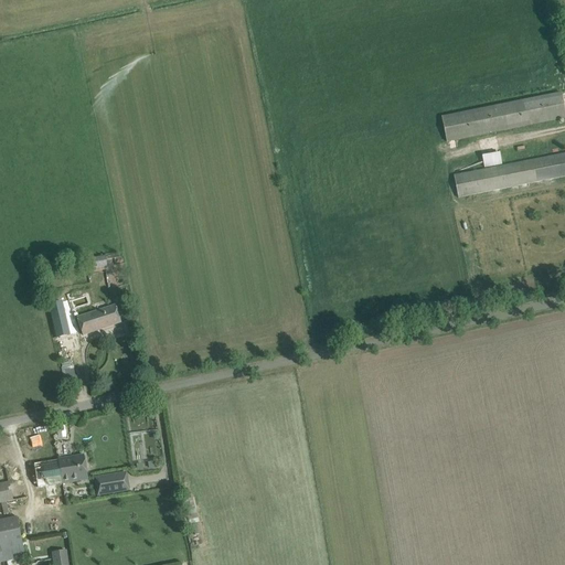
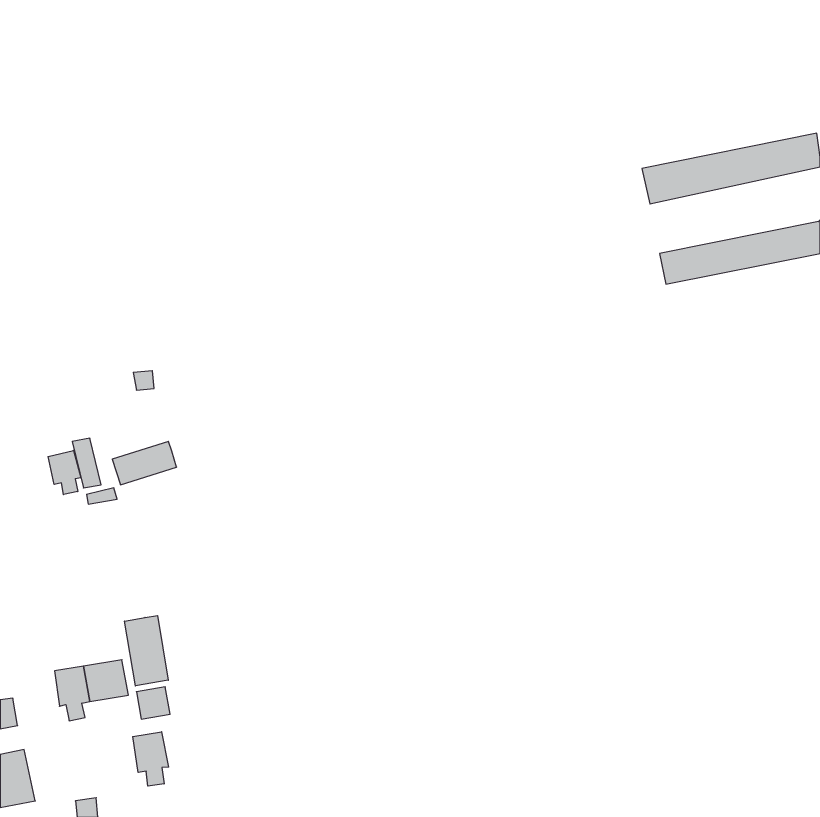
building: none -> [48,450,81,495]
building: none -> [125,616,168,686]
building: none -> [133,732,169,786]

